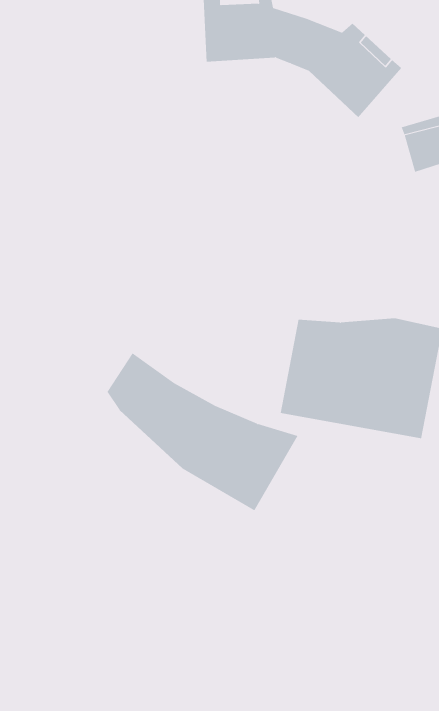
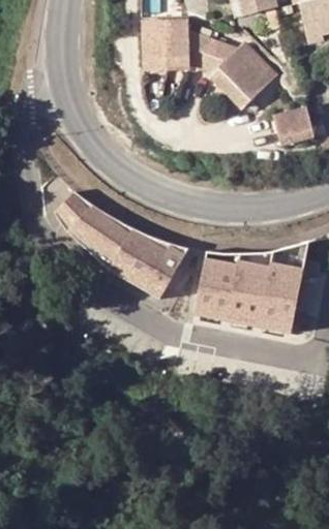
building: [107,353,299,511] -> [57,189,188,298]

